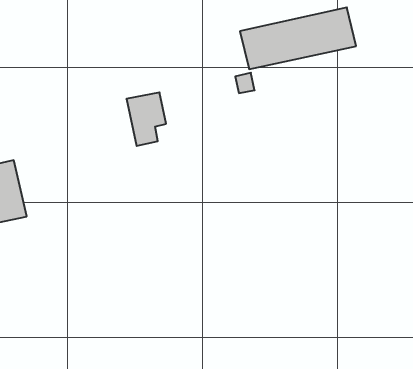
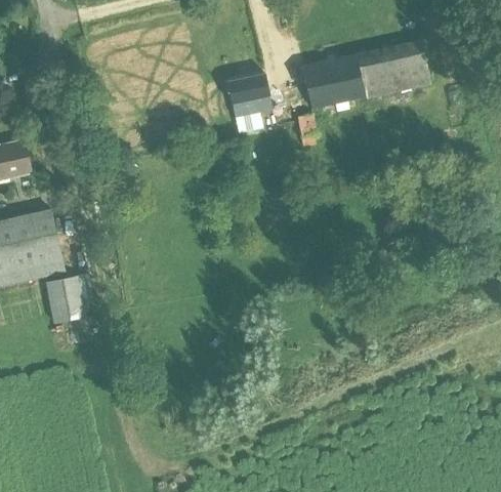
building: [126,92,166,146] -> [227,75,272,134]
building: none -> [45,276,86,323]

